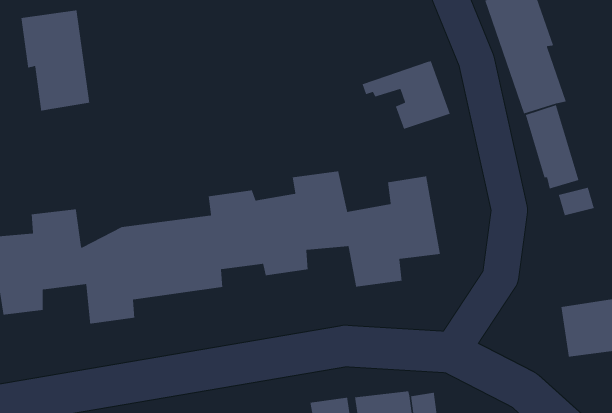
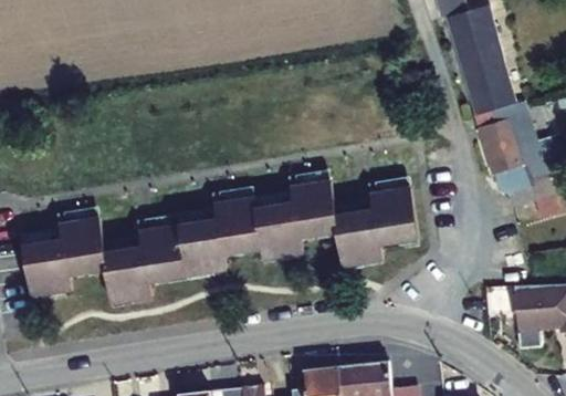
building: [21,9,90,112] -> none
building: [361,60,451,130] -> none

